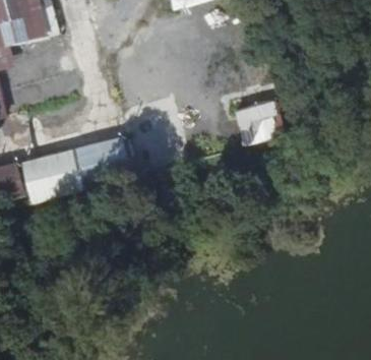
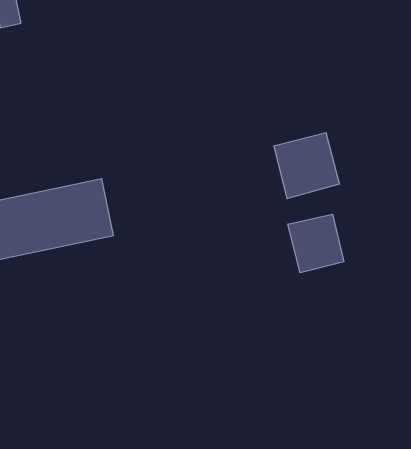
building: none -> [288,214,344,273]

